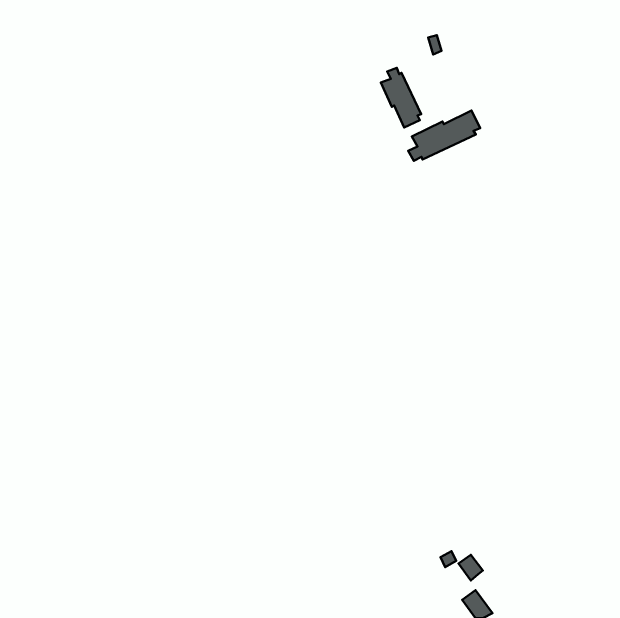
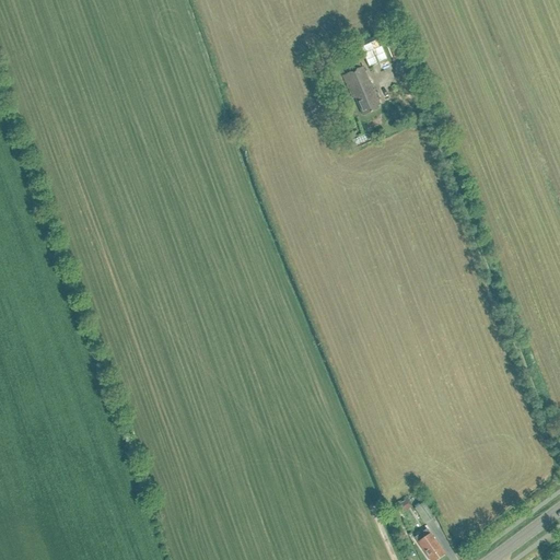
building: [408,111,480,161] -> none

